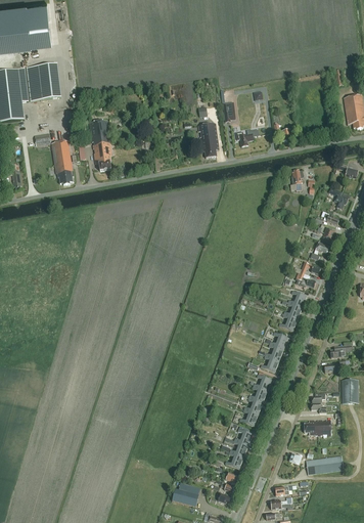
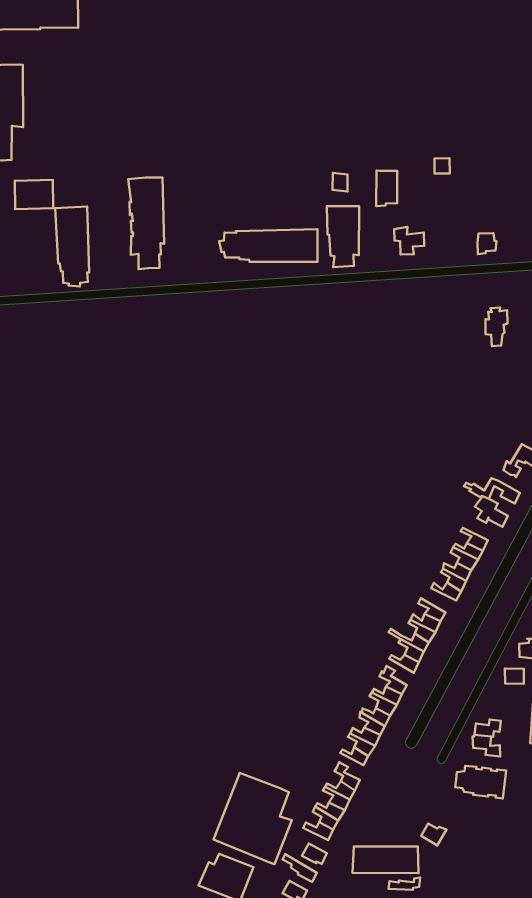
building: [26,63,60,101] -> none
building: none -> [219,229,318,262]
building: none -> [213,773,292,864]
building: [306,455,343,474] -> [353,847,419,873]

